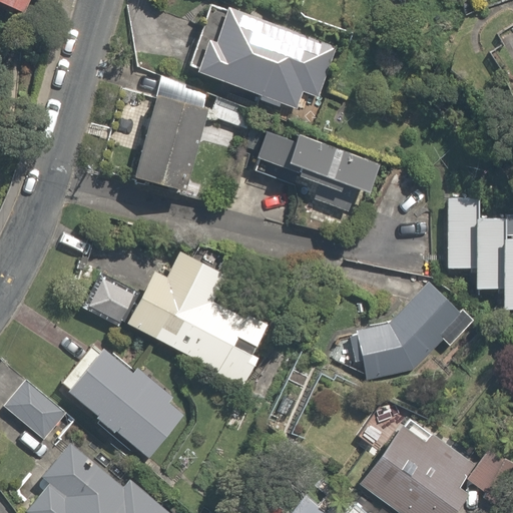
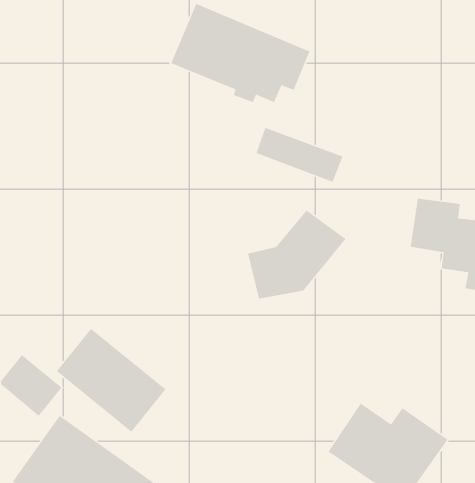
building: [126,98,201,191] -> none
building: [90,250,275,384] -> none
building: [357,285,462,380] -> [247,210,346,300]

